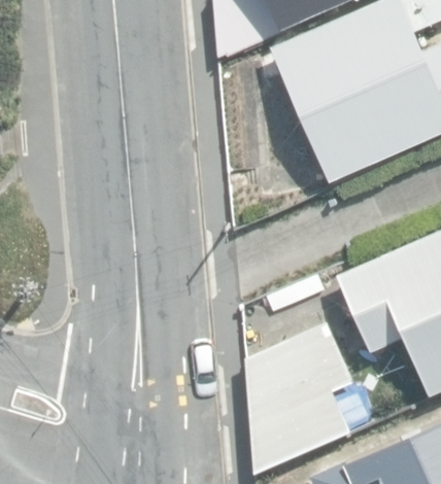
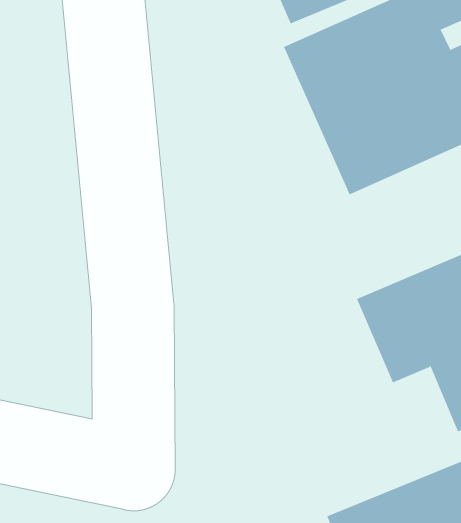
building: [246,323,351,473] -> none

